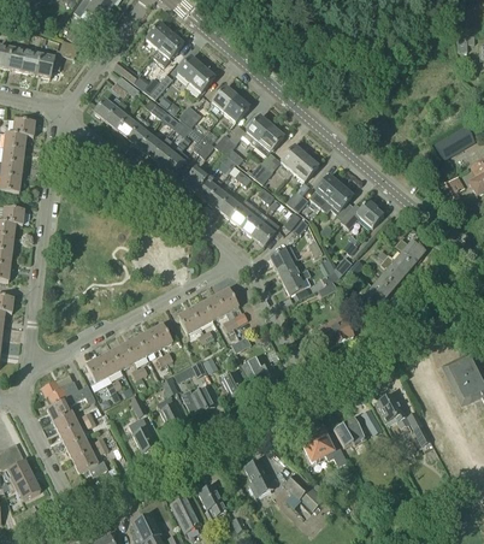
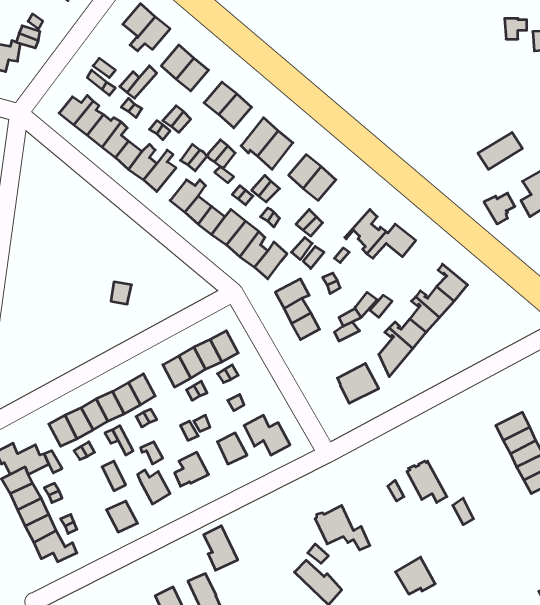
building: [308,175,346,212] -> none
building: [332,416,365,447] -> [395,557,435,594]
building: [244,460,272,496] -> [204,526,238,570]

